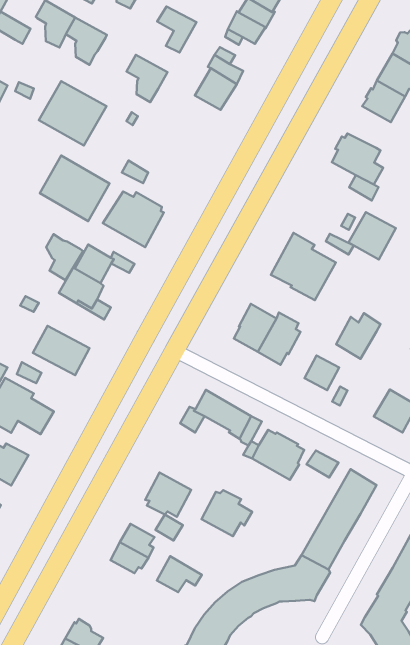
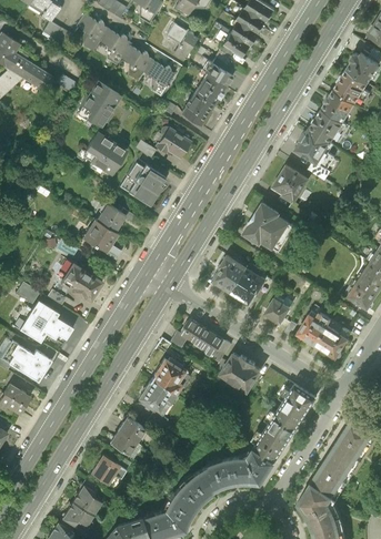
building: none -> [120,45,151,82]
building: none -> [181,93,213,125]
building: none -> [309,109,345,141]
building: none -> [156,126,190,157]
building: [349,212,396,260] -> [272,164,309,201]
building: [46,234,83,280] -> none
building: [336,313,380,359] -> [299,311,333,345]
building: [201,490,252,536] -> [151,357,190,393]
building: [157,556,202,592] -> [91,455,126,482]

